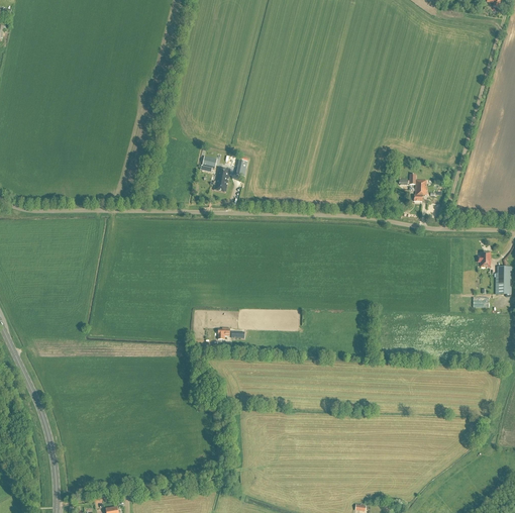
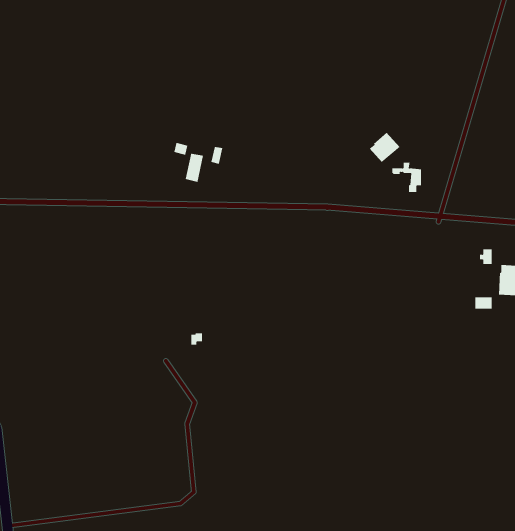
building: none -> [369,132,400,163]

